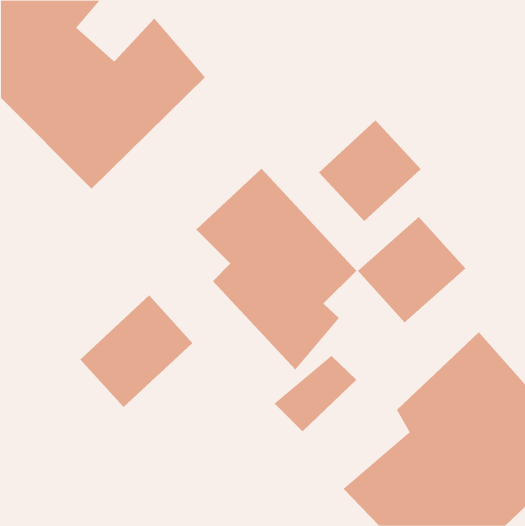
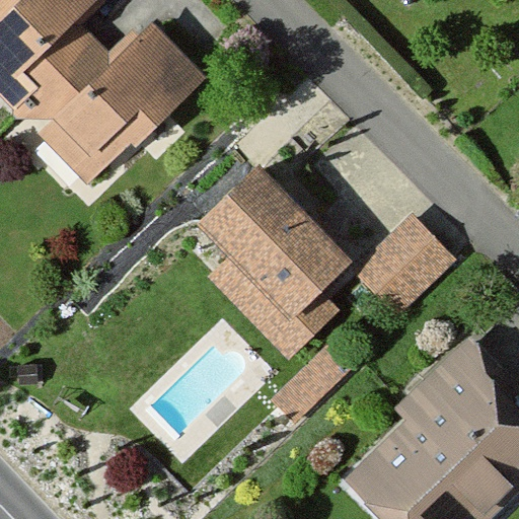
building: [318,120,422,222] -> none
building: [80,295,193,408] -> none

